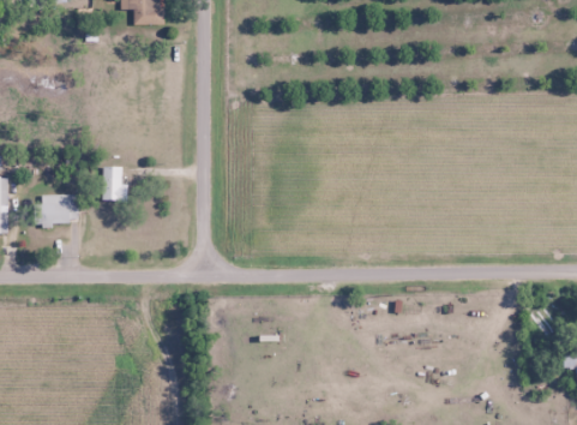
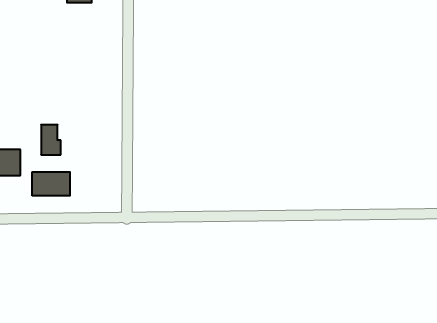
building: none -> [32,172,70,196]

